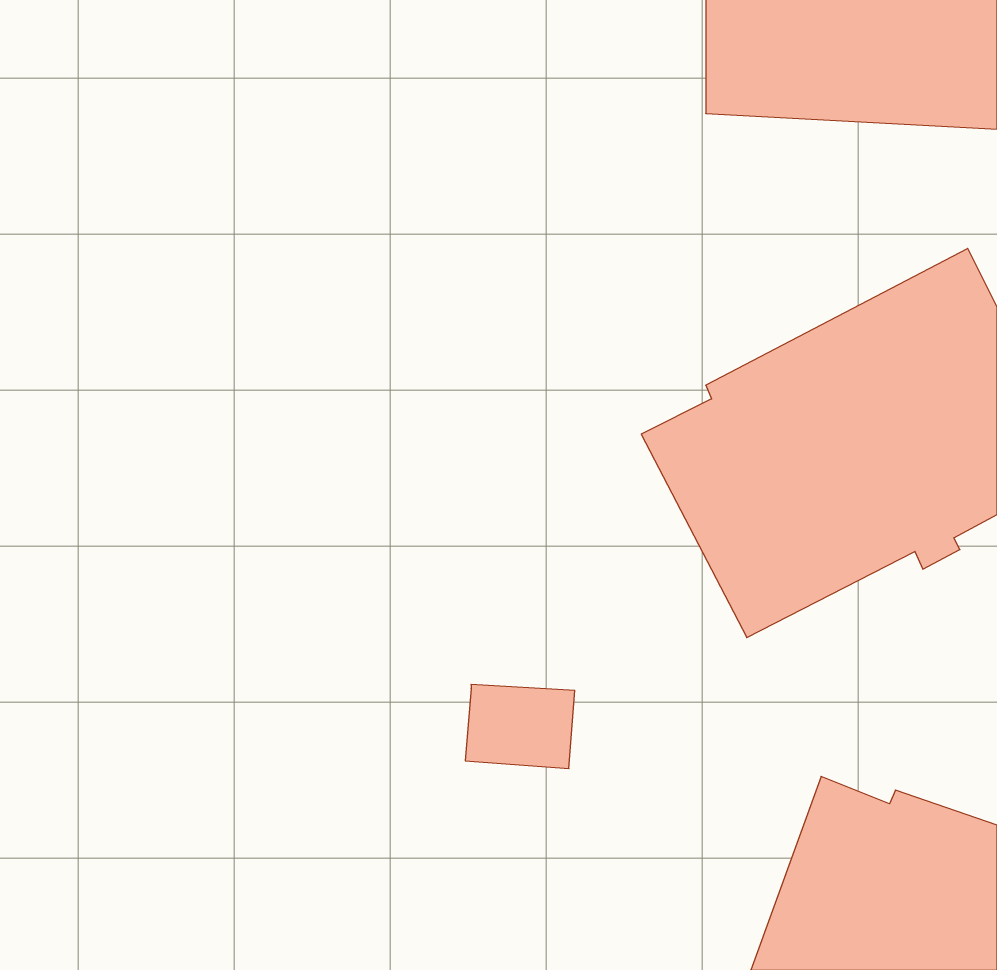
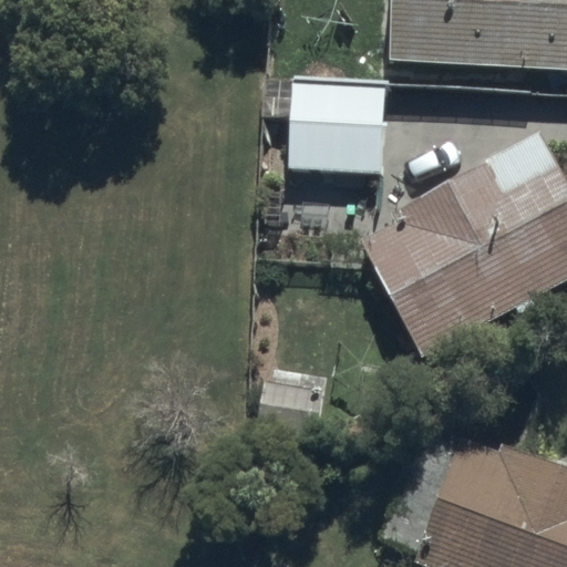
building: none -> [266,70,385,169]

